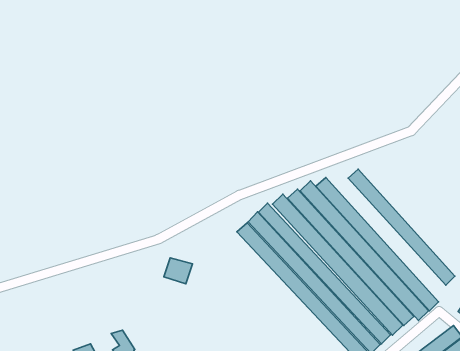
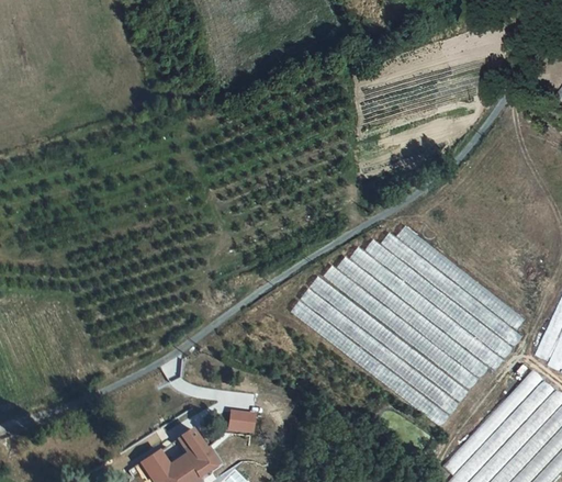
building: none -> [381,232,524,348]
building: [164,258,193,284] -> [228,408,256,433]

